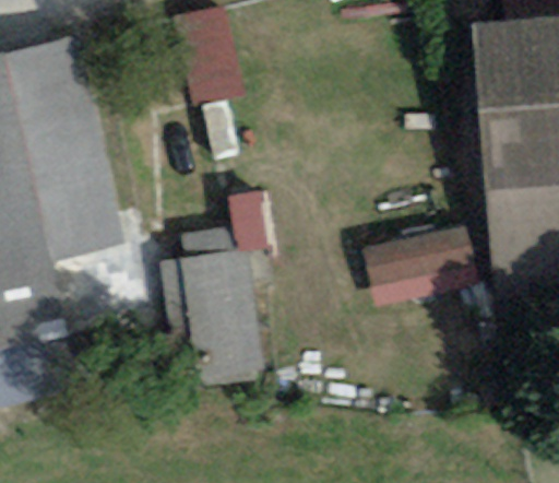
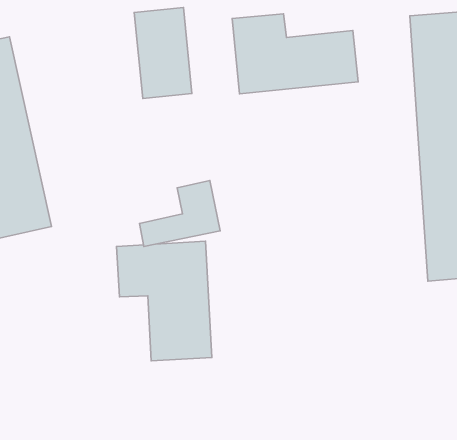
building: none -> [232,14,358,94]
building: [362,225,481,310] -> none

